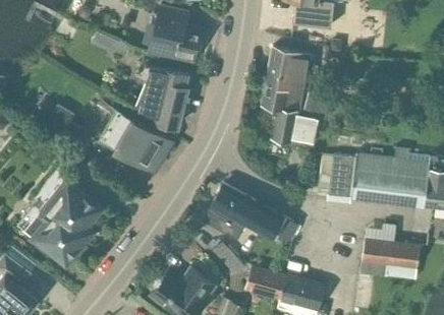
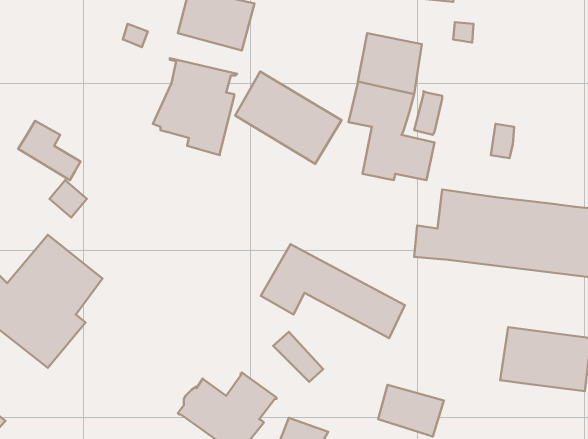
building: [102,109,171,169] -> [235,72,342,164]
building: [245,266,287,299] -> none

